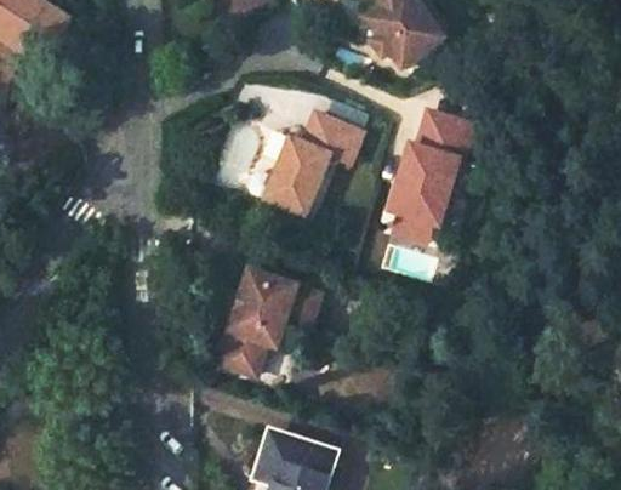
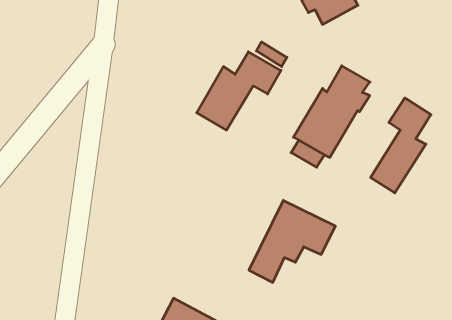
building: none -> [371,98,431,193]
building: [221,273,319,376] -> [249,200,335,282]

